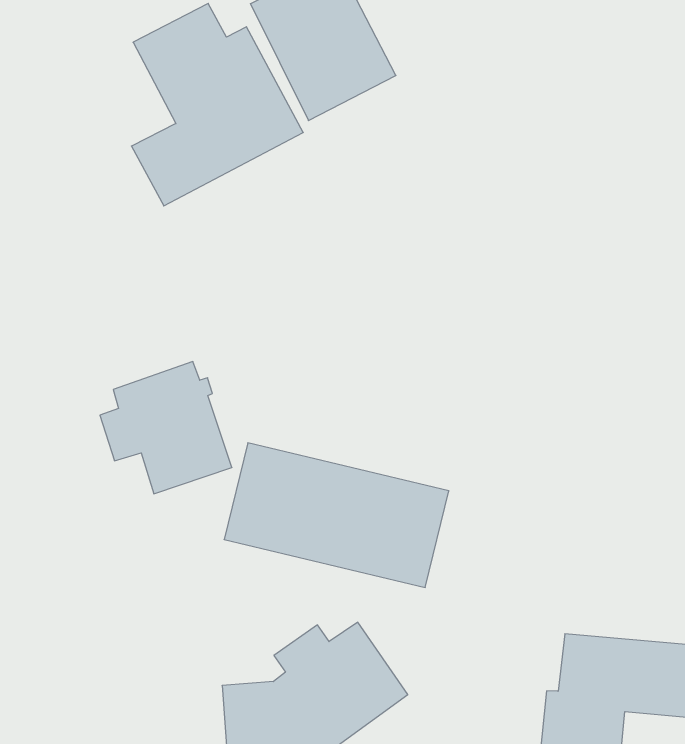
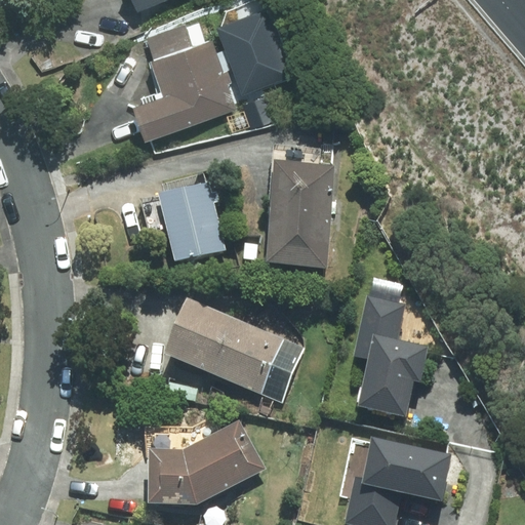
building: none -> [266,148,333,270]
building: [100,362,232,494] -> [147,178,227,259]
building: none -> [354,293,432,418]

